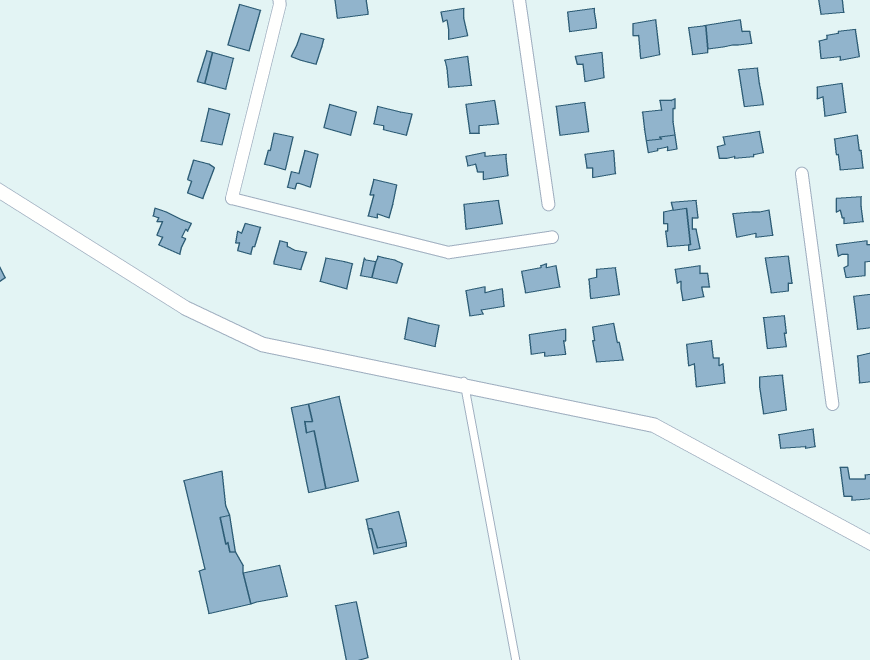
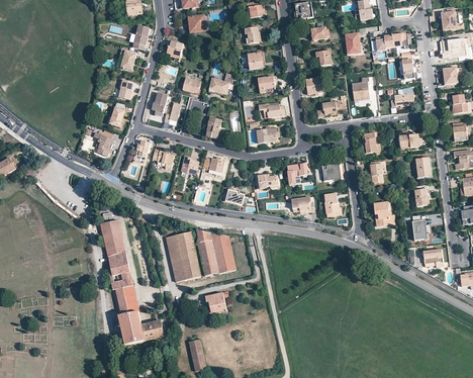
building: none -> [101,220,129,276]
building: none -> [197,230,236,275]

